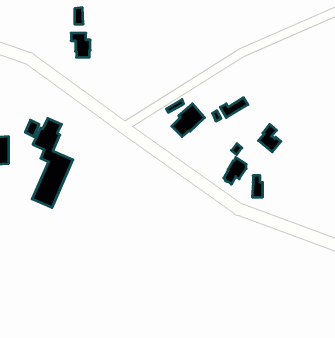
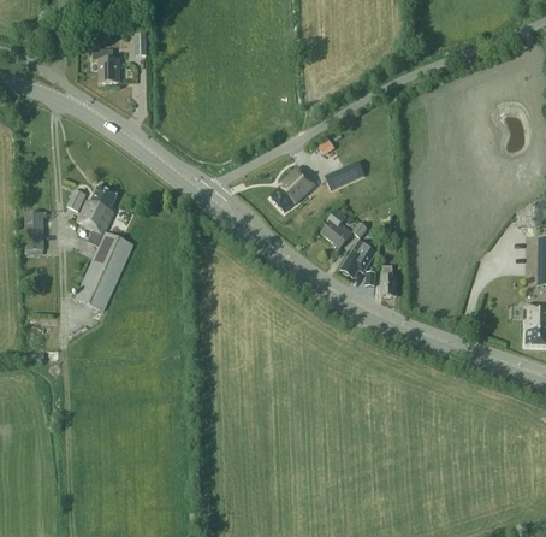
building: [71,33,90,57] -> [93,48,119,82]
building: [258,124,281,152] -> [320,208,351,247]

